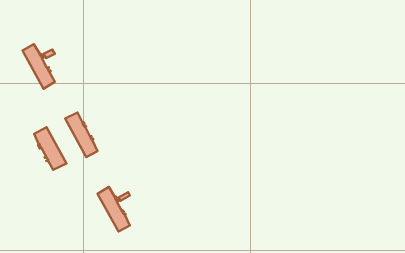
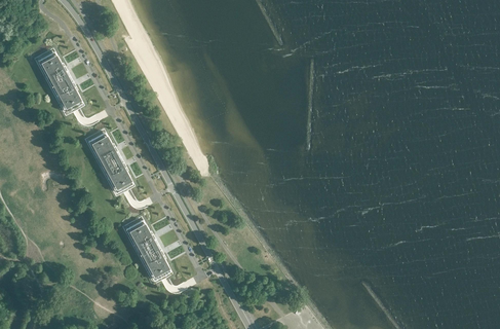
building: [34,127,67,170] -> none

